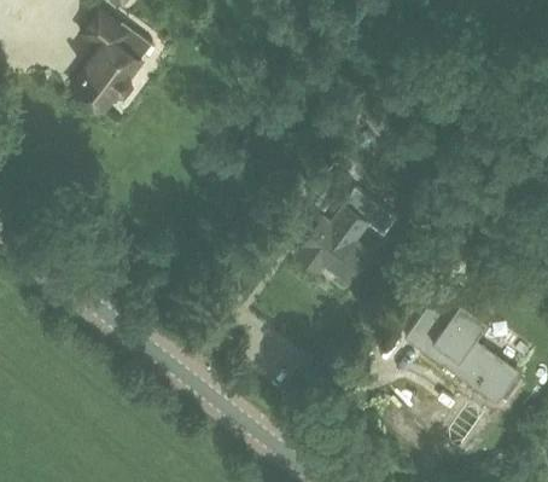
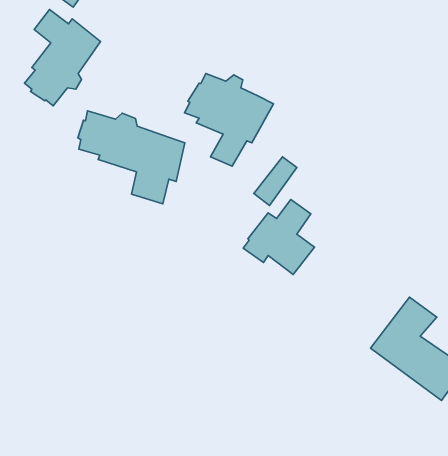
building: none -> [184,73,273,166]
building: none -> [78,111,185,204]

